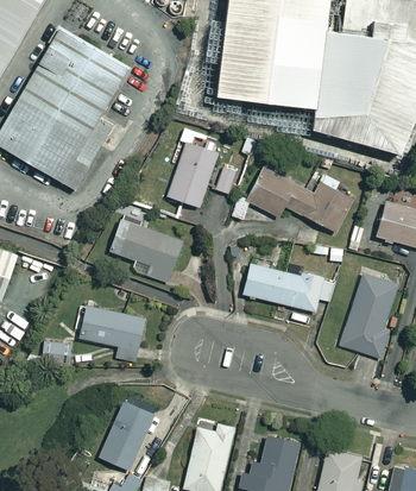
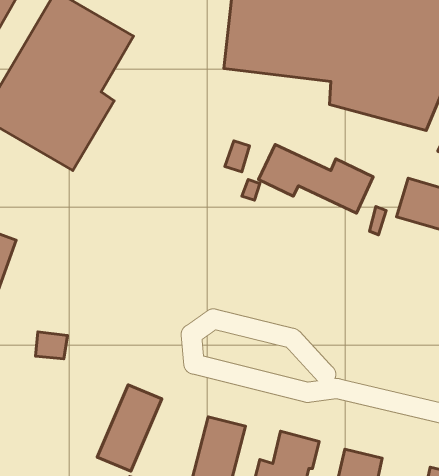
building: [166,140,218,207] -> none
building: [109,218,182,283] -> none
building: [241,263,335,311] -> none
building: [339,275,397,359] -> none
building: [77,306,144,361] -> none

